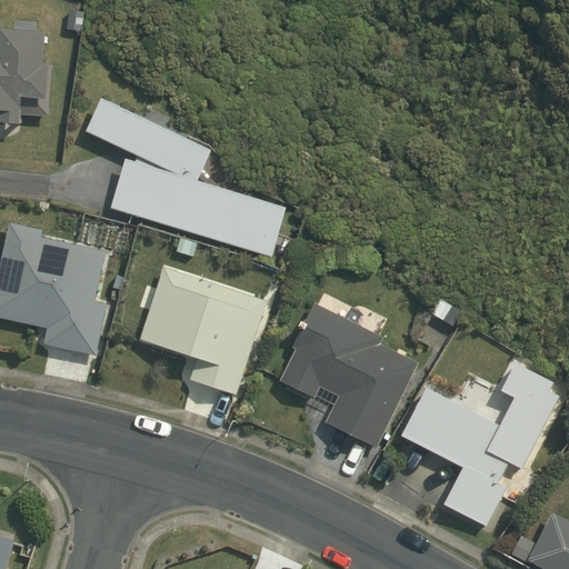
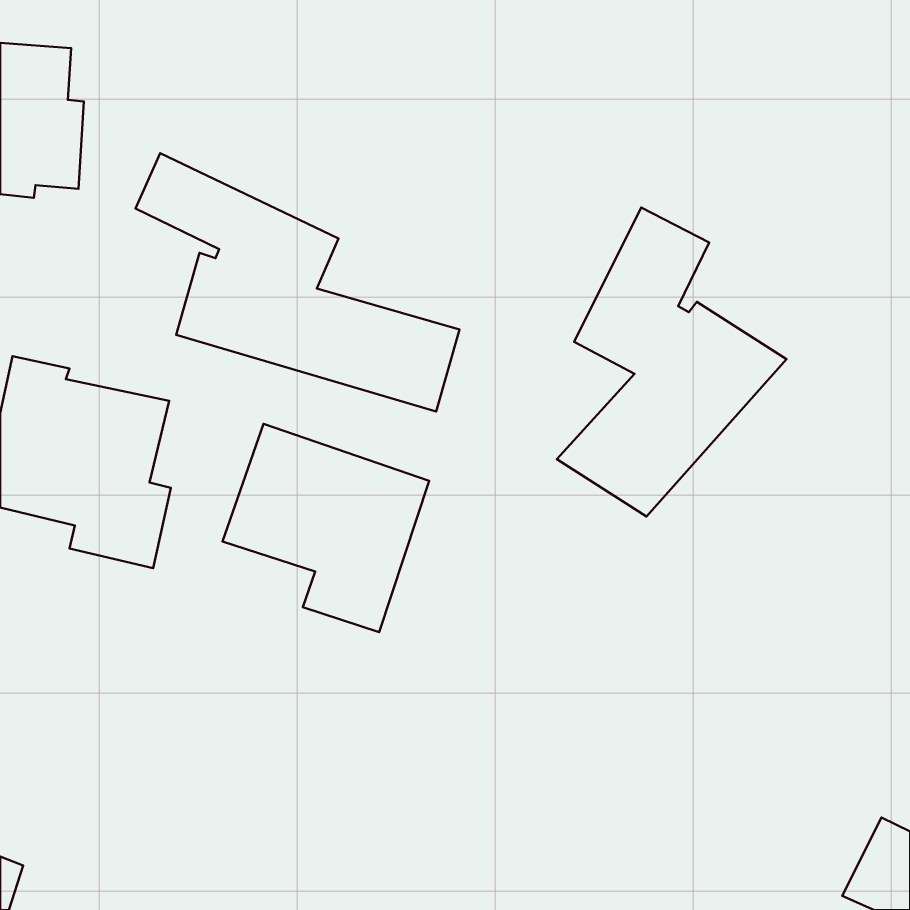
building: none -> [557,207,787,517]
building: [279,302,419,447] -> none
building: [399,359,559,526] -> none

